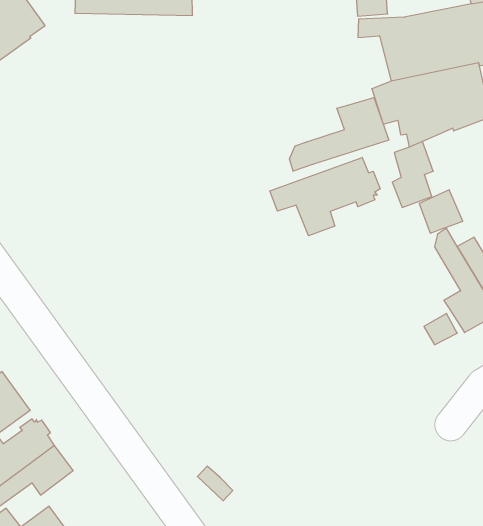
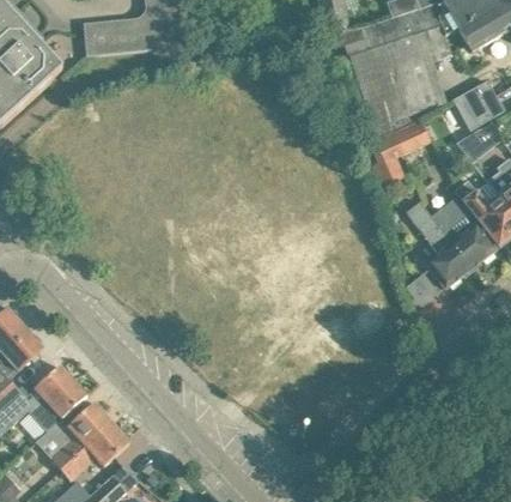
building: [290,97,389,171] -> none
building: [270,157,380,236] -> none
building: [419,190,463,233] -> [390,114,428,152]

